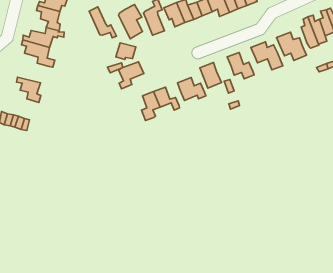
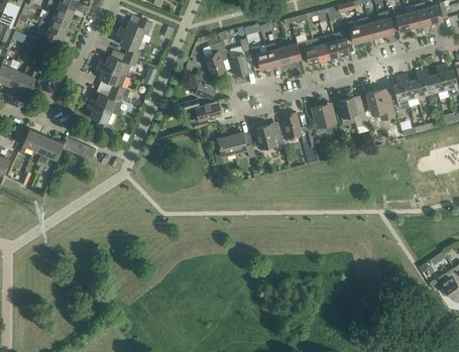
building: [89,7,117,38] -> none
building: none -> [88,91,122,114]

